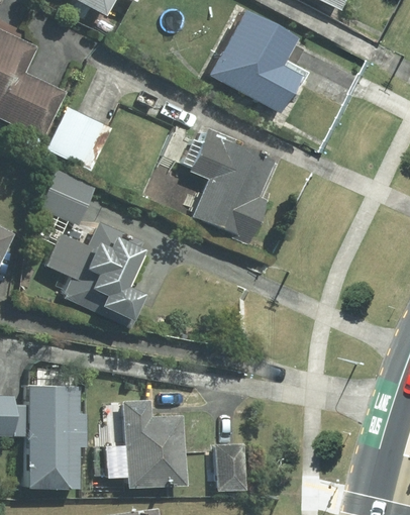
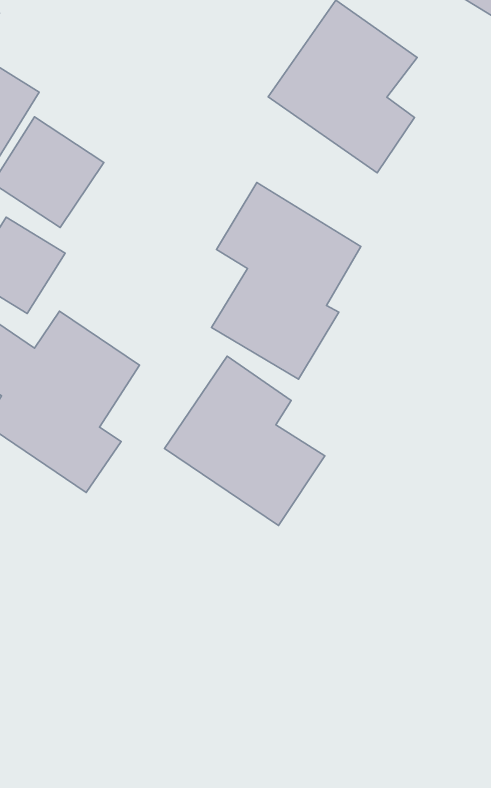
building: none -> [165,356,325,525]
building: [121,398,186,487] -> none
building: [216,441,246,489] -> none

